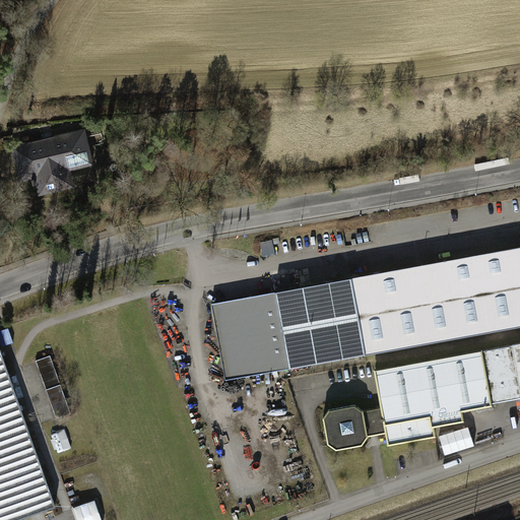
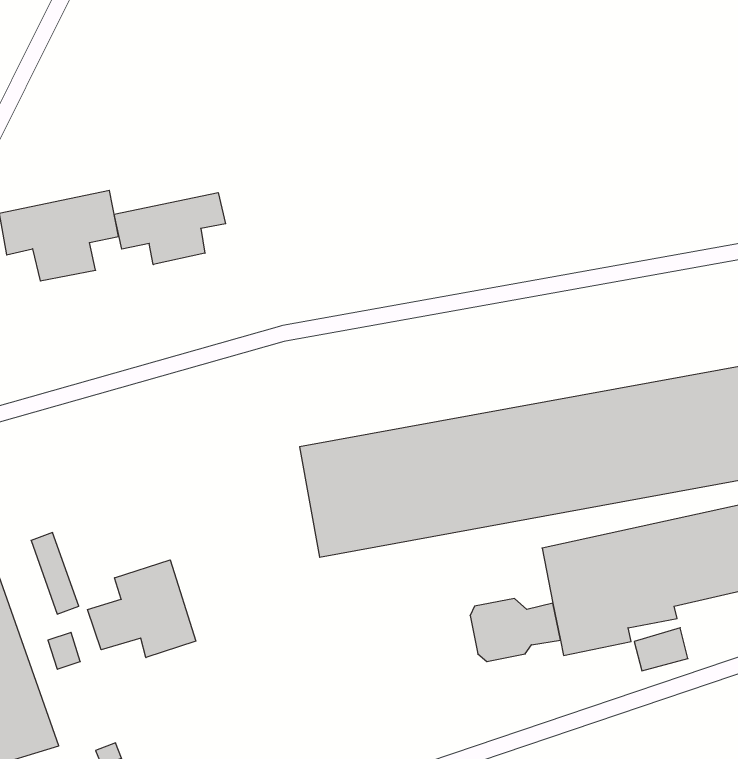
building: none -> [114,193,226,265]
building: none -> [88,560,196,658]

